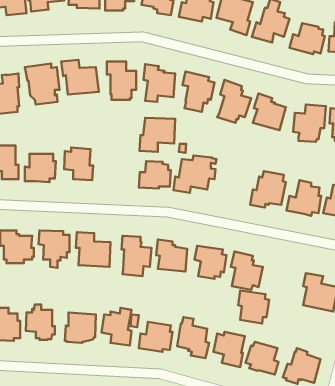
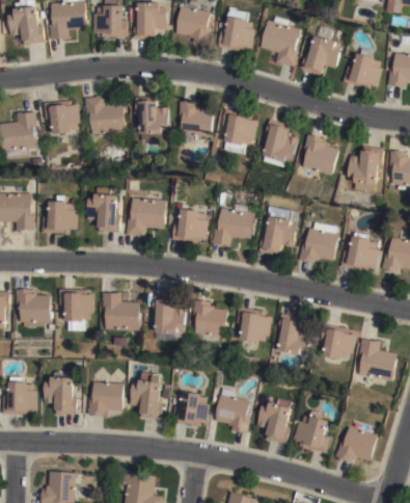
building: [140,118,175,152] -> [126,198,166,237]
building: none -> [258,206,298,256]
building: [238,291,269,323] -> [322,324,357,362]

